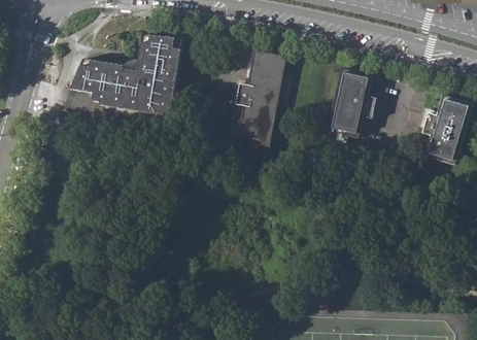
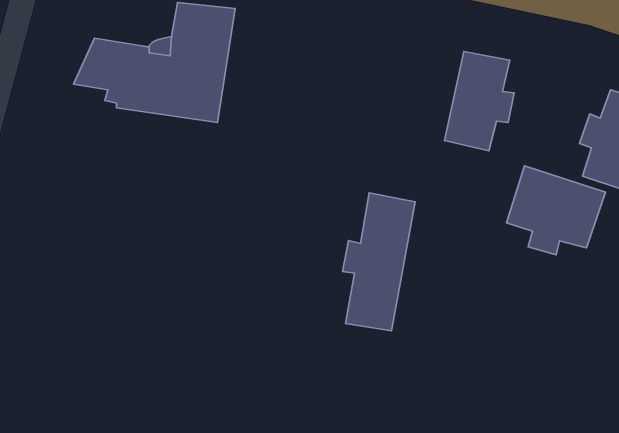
building: [236,49,286,145] -> [343,193,415,331]
building: none -> [507,166,605,255]

